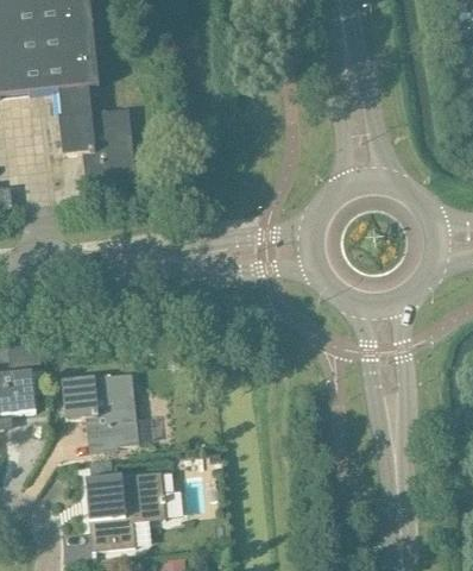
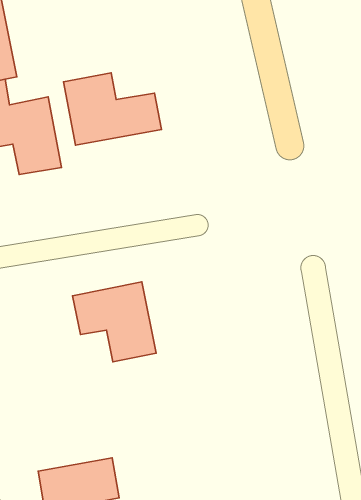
building: none -> [63,73,161,145]
building: [61,371,139,448] -> [73,282,156,362]

